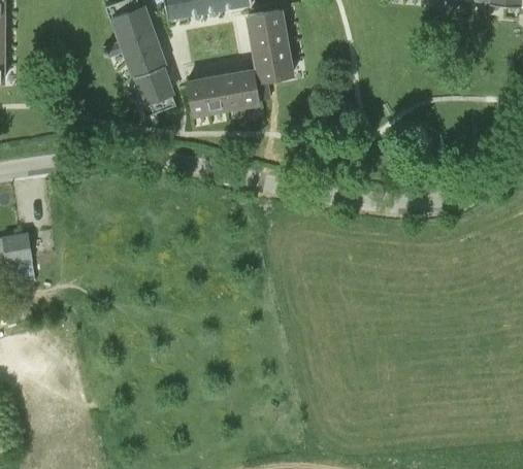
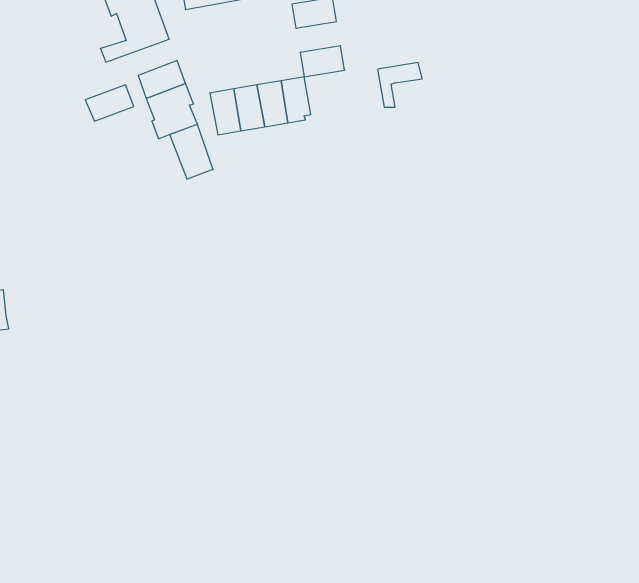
building: [252,27,286,51] -> none
building: [124,40,161,68] -> [85,85,134,121]
building: [258,64,292,98] -> [378,63,422,107]
building: none -> [170,124,213,179]

